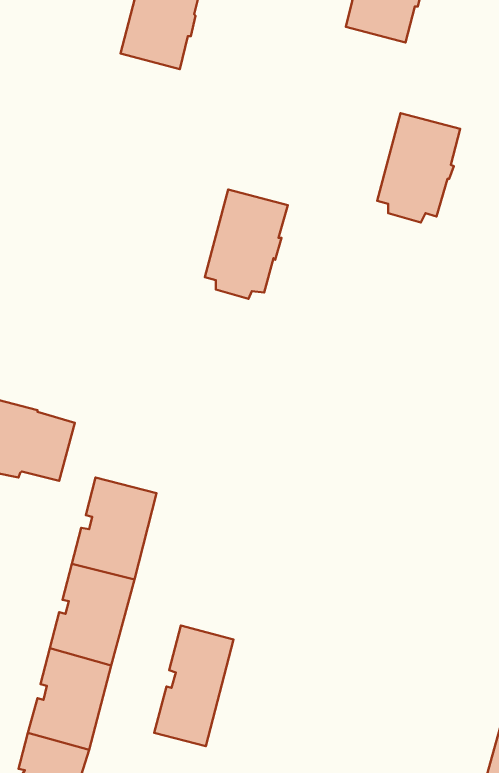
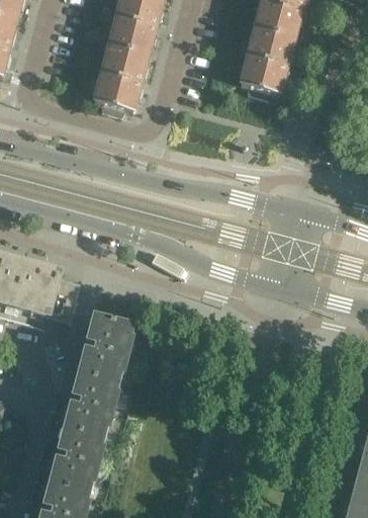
building: [377,113,460,223] -> [241,20,294,91]
building: [205,189,288,299] -> [95,37,149,108]
building: [154,625,233,746] -> none

